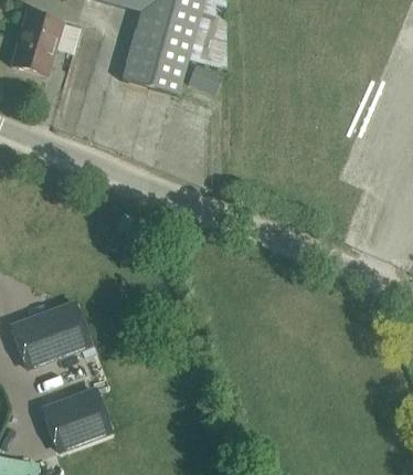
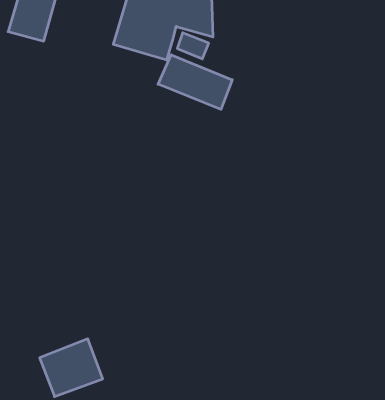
building: none -> [158,55,232,109]
building: [12,303,91,367] -> none

